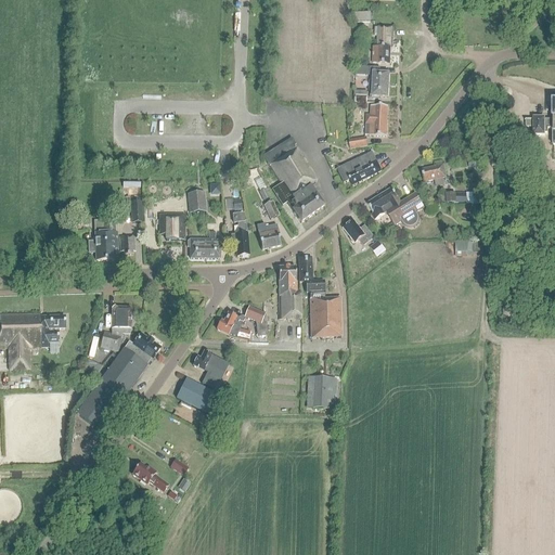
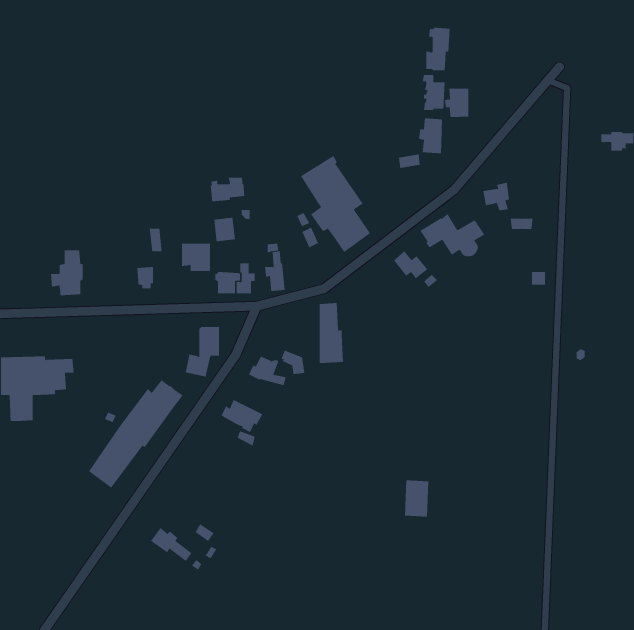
building: none -> [445,88,469,118]
building: [336,150,382,183] -> none
building: none -> [210,177,245,202]
building: [88,219,117,259] -> [50,250,84,296]
building: [256,221,281,247] -> none
building: [298,255,341,336] -> none
building: [100,306,130,350] -> [185,326,220,377]
building: [313,375,335,408] -> [404,480,429,517]
building: [176,377,218,413] -> none

